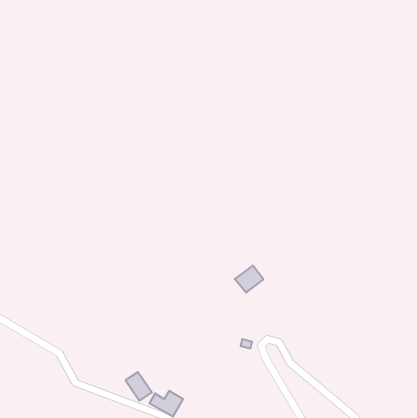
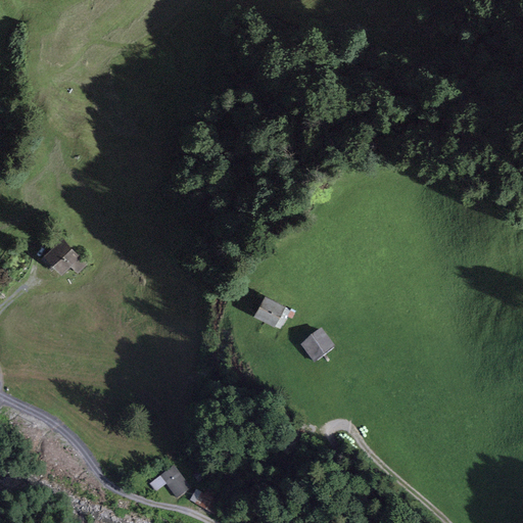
building: none -> [48,240,84,276]
building: none -> [258,296,291,330]

